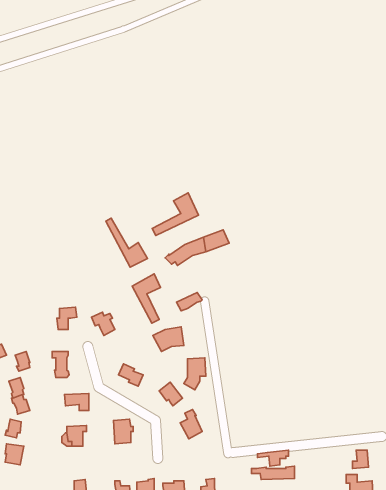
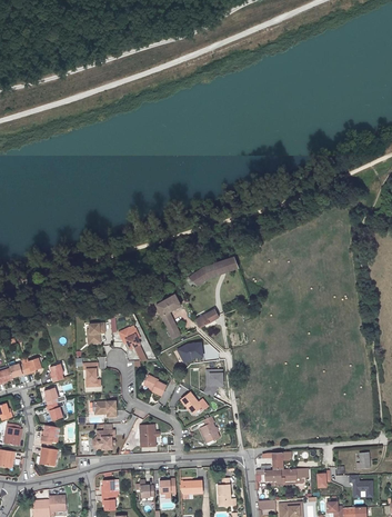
building: [152,193,199,236] -> none
building: [106,218,148,267] -> none

